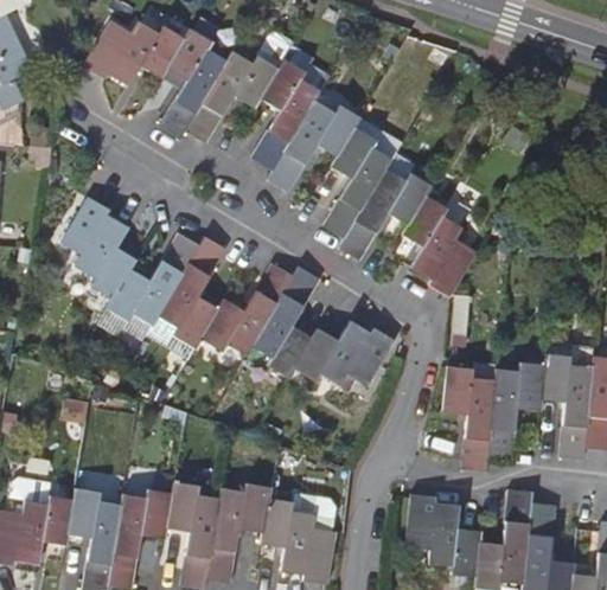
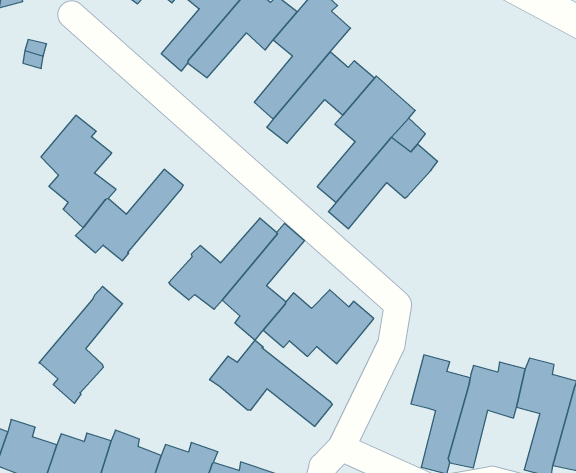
building: [401,194,477,296] -> none
building: [156,236,225,348] -> [39,286,123,403]
building: none -> [210,340,332,426]

